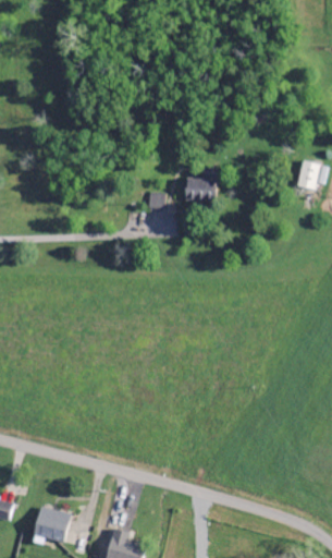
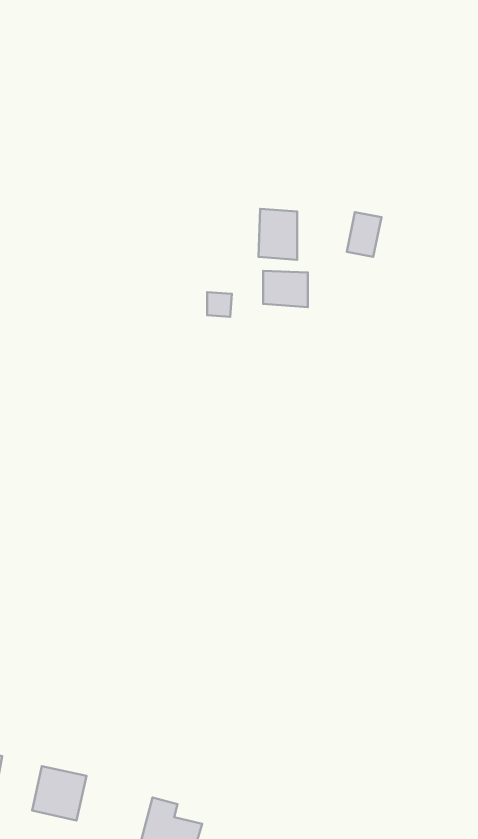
building: none -> [258,209,297,260]
building: [297,160,320,190] -> [347,212,381,257]

